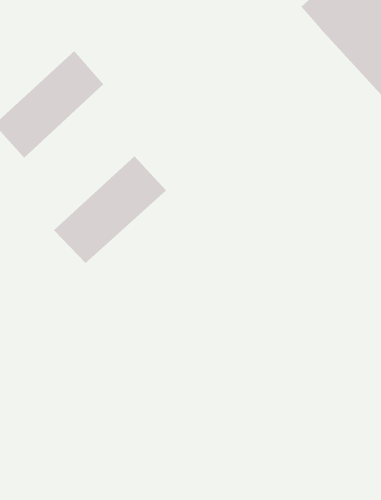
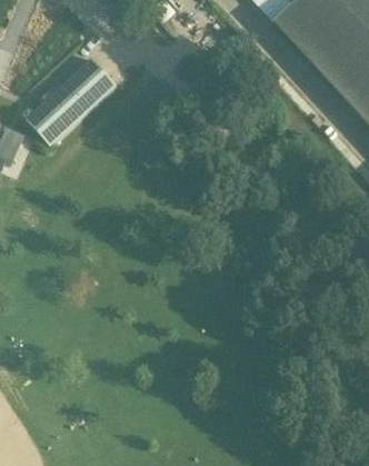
building: [53,155,167,264] -> none

